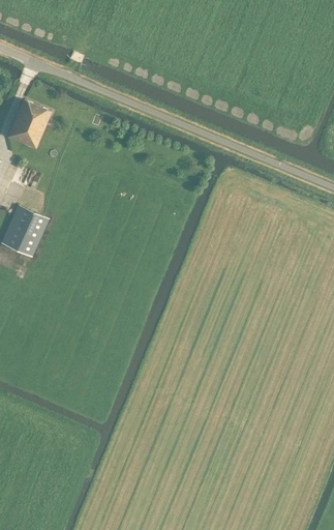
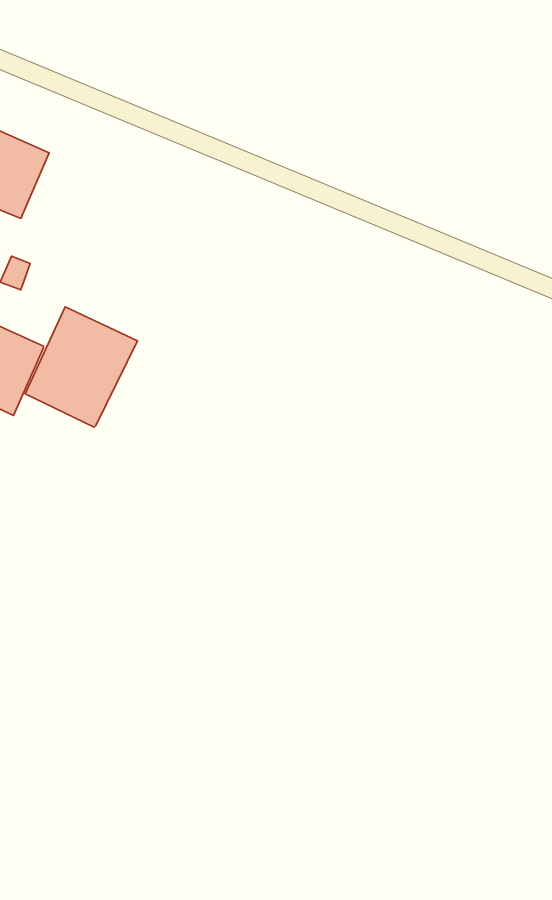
building: none -> [25,307,138,427]

